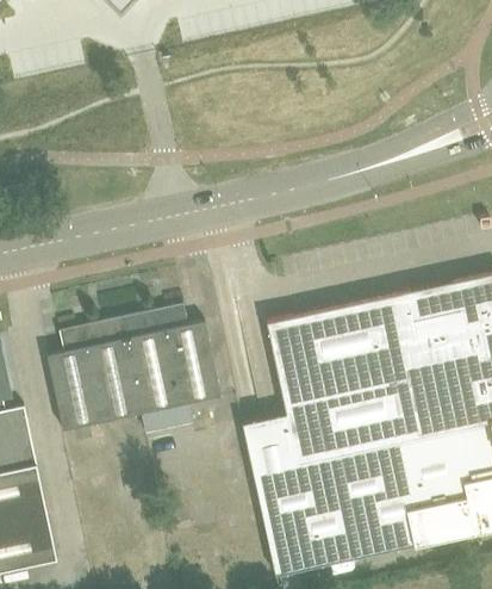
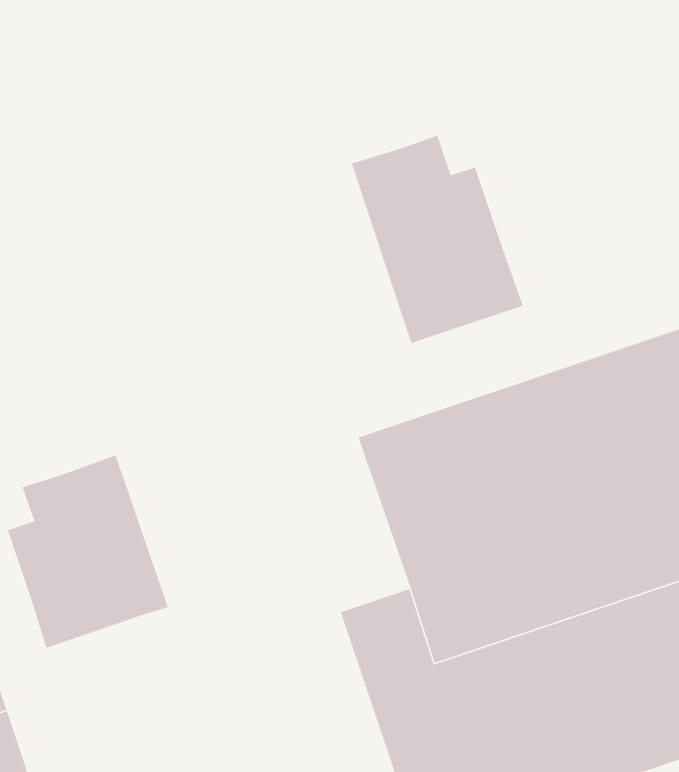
building: none -> [351,134,524,344]
building: [118,303,222,433] -> none

